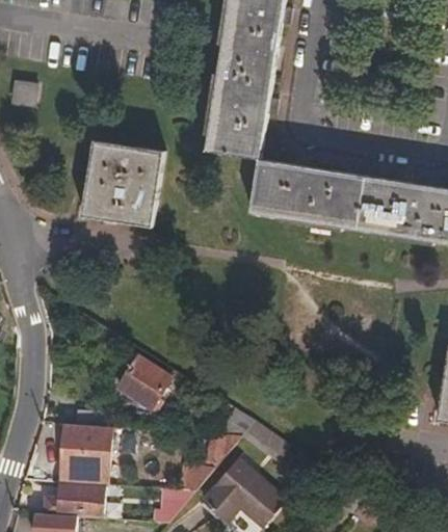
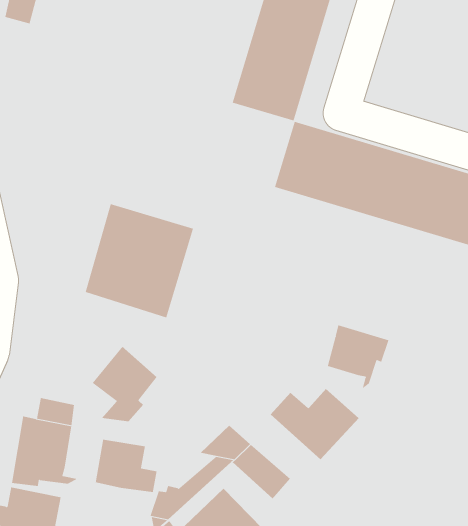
building: [81,137,163,224] -> [85,204,194,318]
building: none -> [327,325,389,390]
building: none -> [270,388,360,460]
building: none -> [95,439,157,493]

